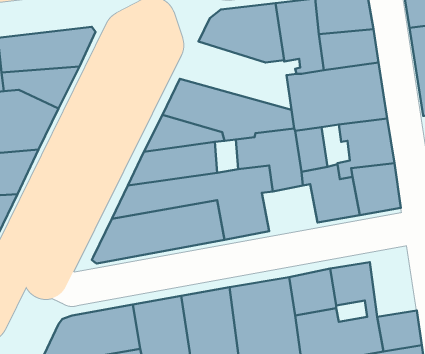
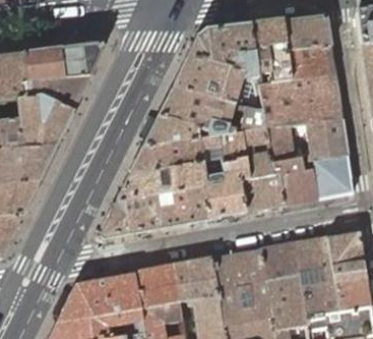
building: none -> [172,55,263,111]
building: none -> [239,172,285,211]
building: none -> [327,230,366,281]

